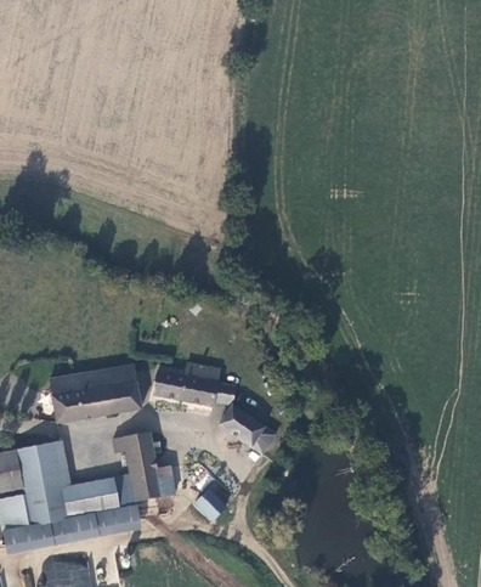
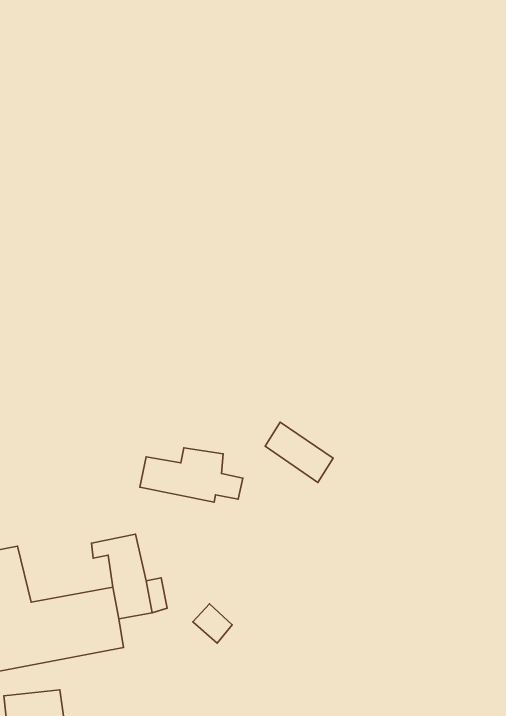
building: [49,363,142,423] -> none
building: [219,405,273,453] -> [265,422,333,483]

